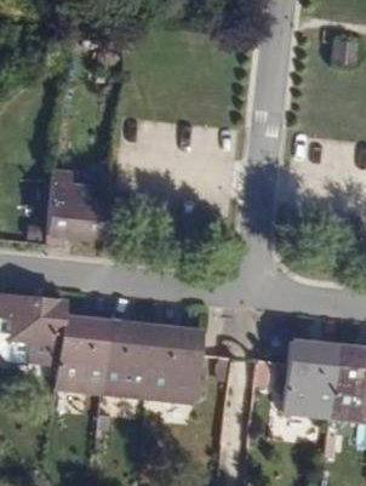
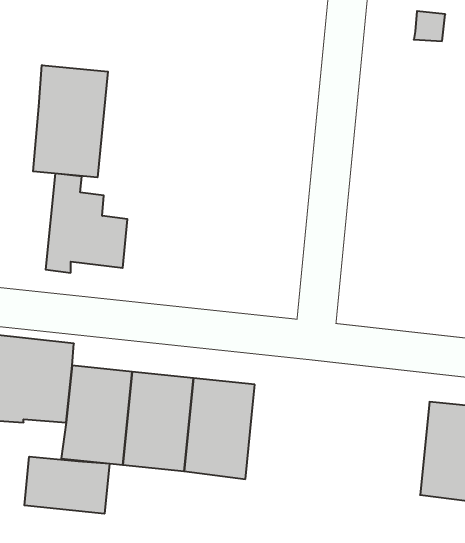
building: none -> [33,65,108,177]
building: [284,339,338,416] -> none
building: none -> [24,457,110,514]

